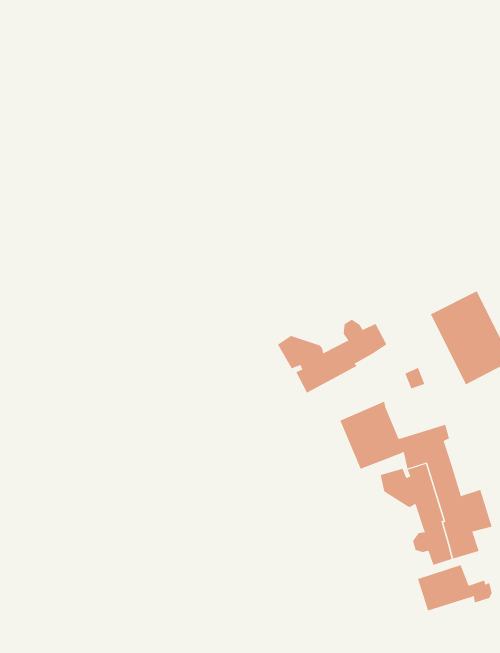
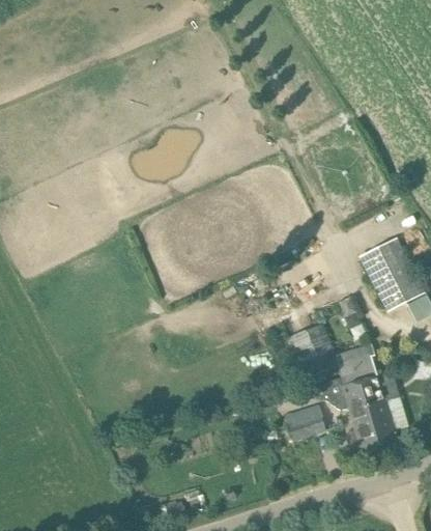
building: [277,319,387,393] -> none
building: [417,564,492,611] -> [284,403,344,441]

